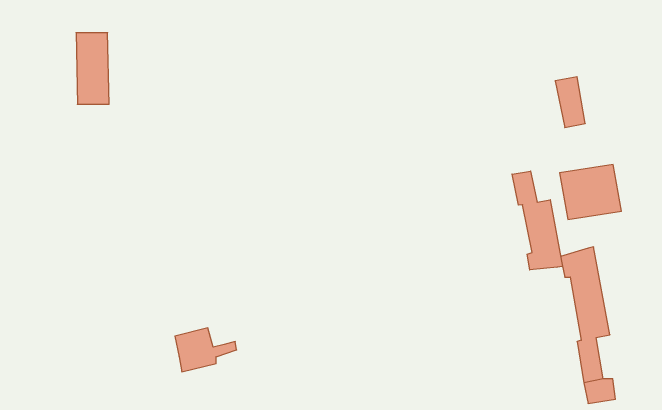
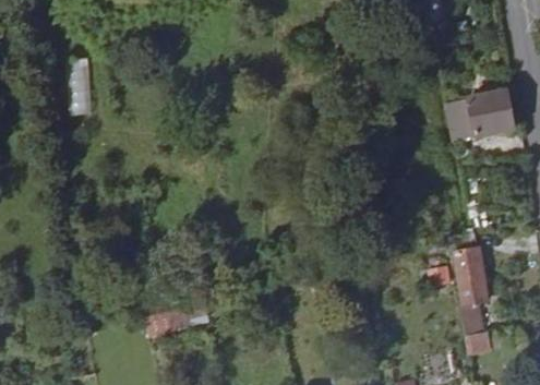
building: [560,165,621,219] -> [461,89,511,133]
building: [512,171,562,270] -> none

